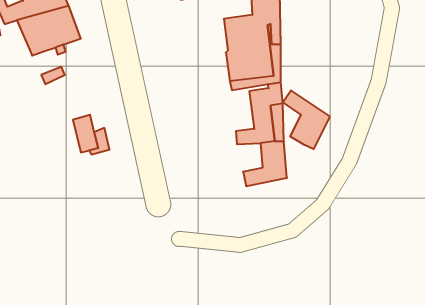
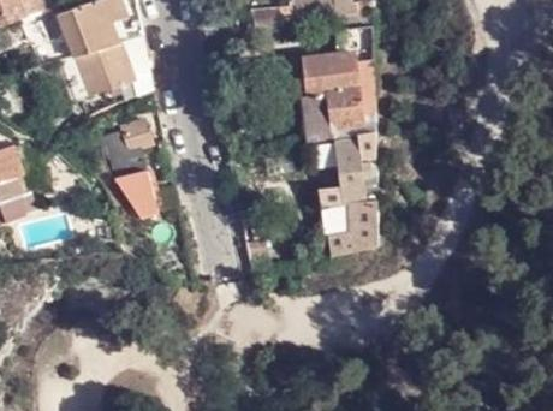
building: none -> [99,118,151,178]
building: [283,90,330,149] -> none

